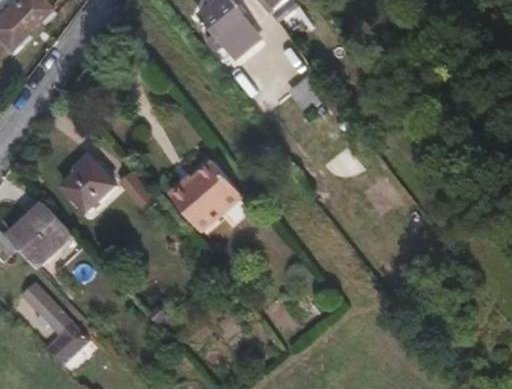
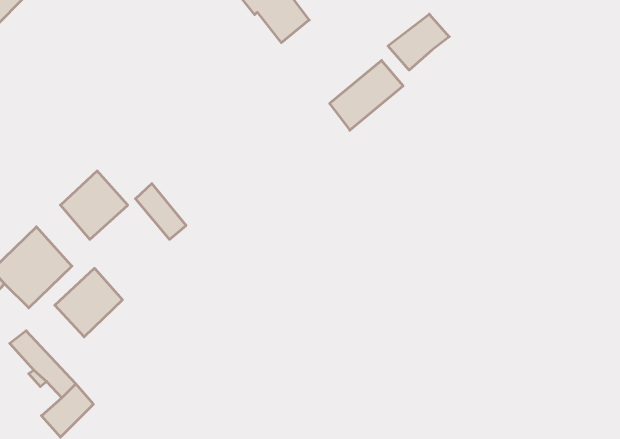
building: none -> [388,14,449,70]
building: [174,162,245,232] -> none
building: none -> [55,268,122,337]

